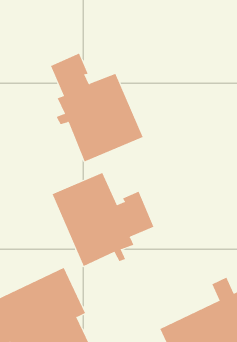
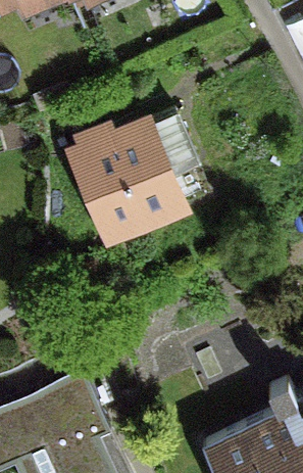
building: [52,172,154,267] -> none

